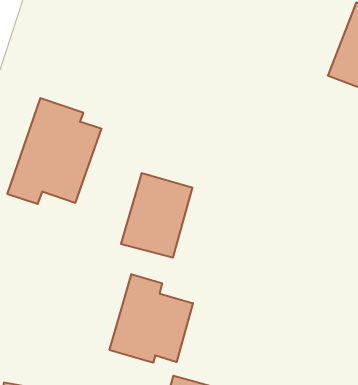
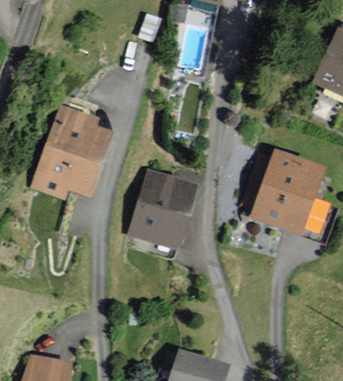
building: none -> [245,148,327,233]
building: [110,274,193,363] -> none

